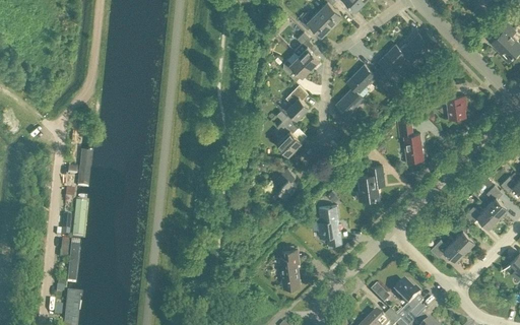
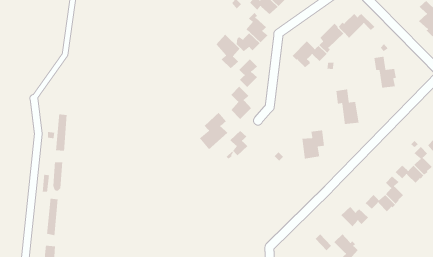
building: none -> [216,34,240,69]
building: [335,82,364,118] -> none
building: none -> [199,112,228,150]
building: [318,201,341,241] -> none
building: [277,245,300,281] -> none
building: none -> [340,206,369,227]

